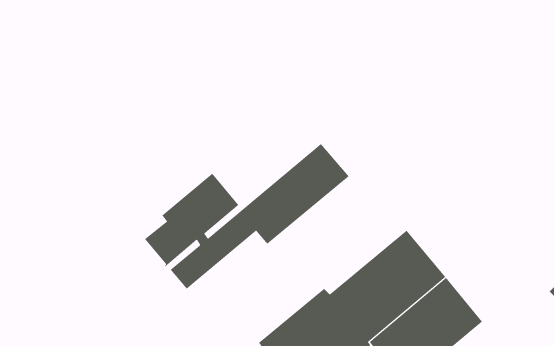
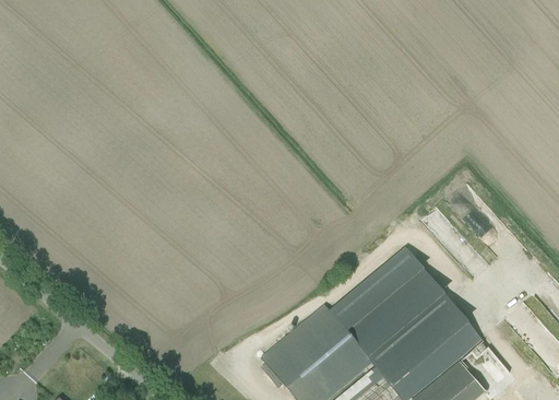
building: [144,143,349,290] -> none

